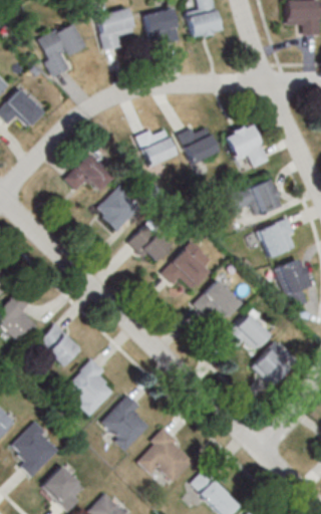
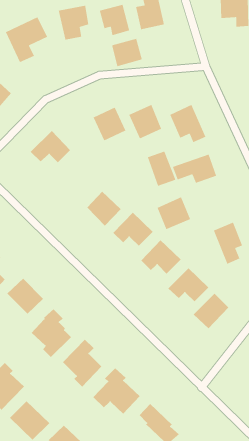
building: none -> [111,38,143,67]
building: none -> [147,151,176,187]
building: [96,187,140,231] -> none
building: [259,218,299,257] -> [156,196,191,230]

